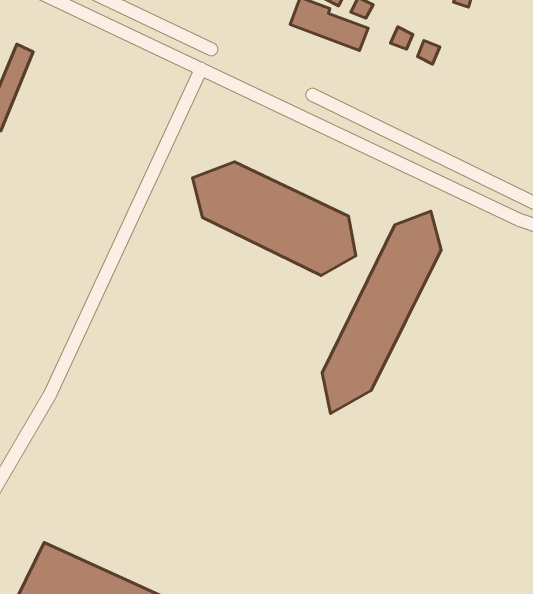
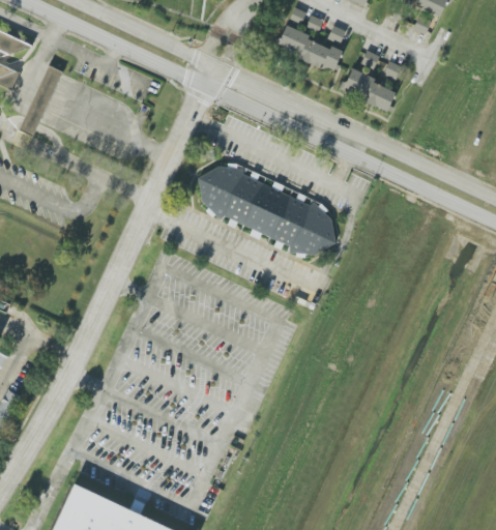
building: none -> [342,69,397,110]
building: [322,211,441,413] -> none

